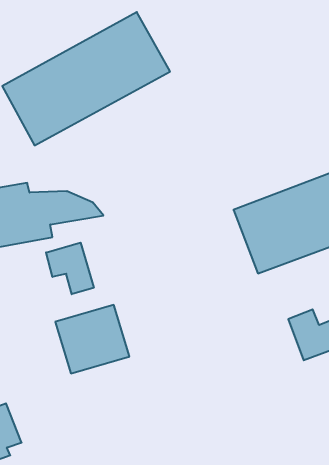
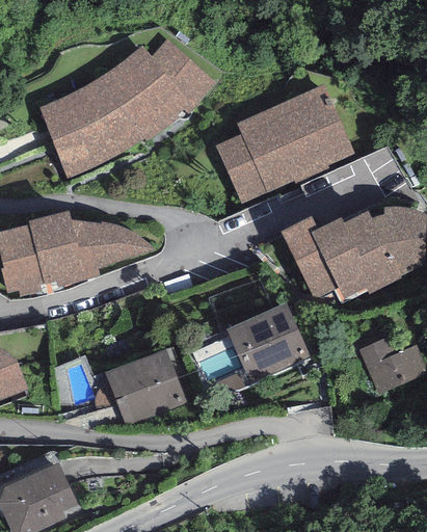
building: none -> [211,86,354,202]
building: [46,243,94,294] -> none
building: none -> [226,303,310,382]

